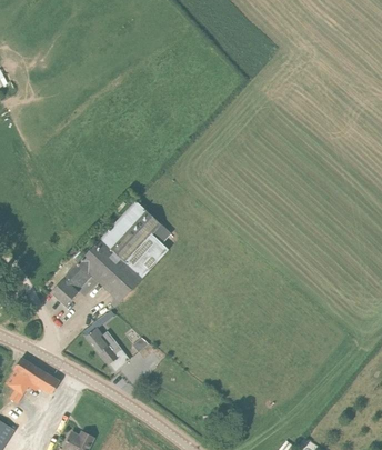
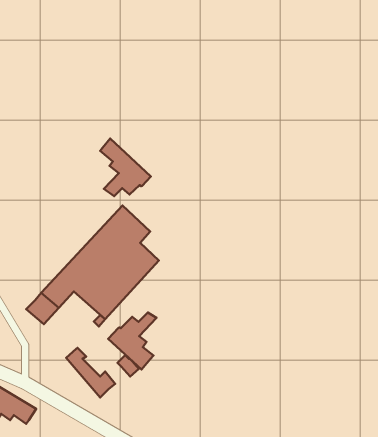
building: none -> [100,139,151,196]
building: none -> [108,312,156,369]

